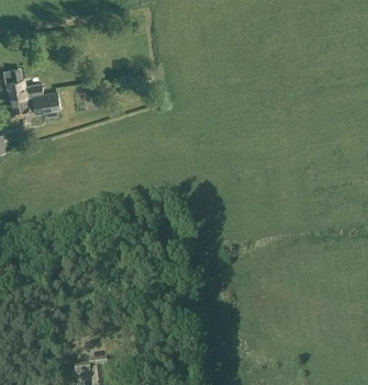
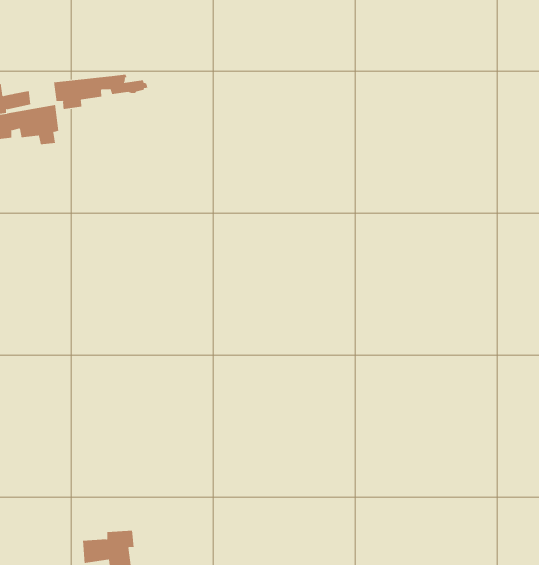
building: none -> [54,74,148,110]

